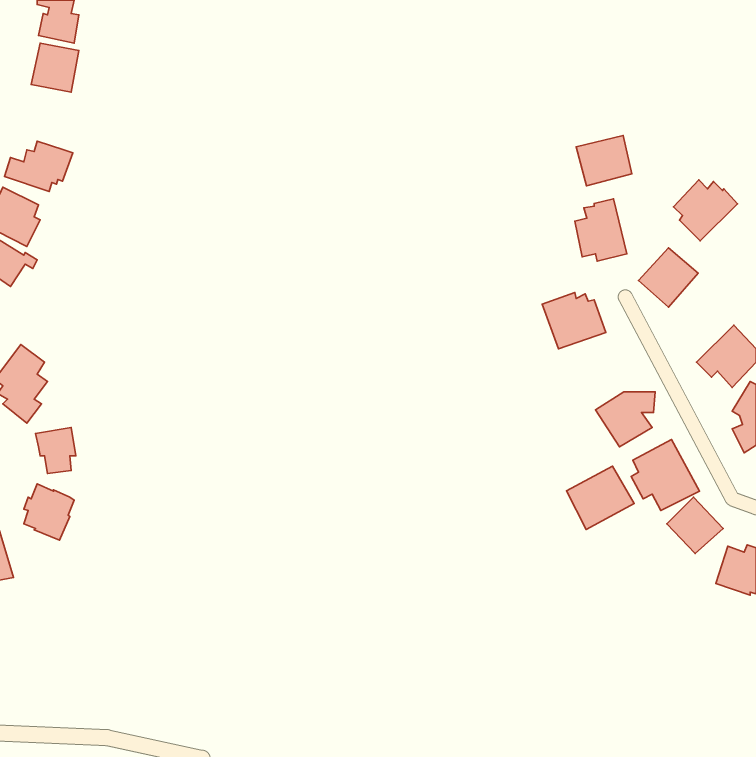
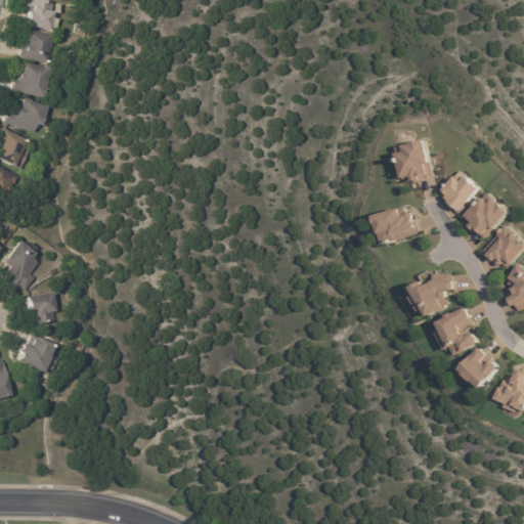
building: none -> [10,64,52,99]
building: [576,135,632,186] -> none
building: [673,180,737,241] -> [464,196,508,238]
building: [567,466,634,529] -> none

